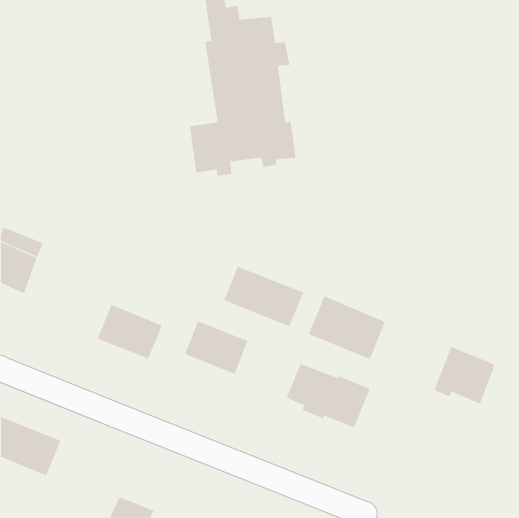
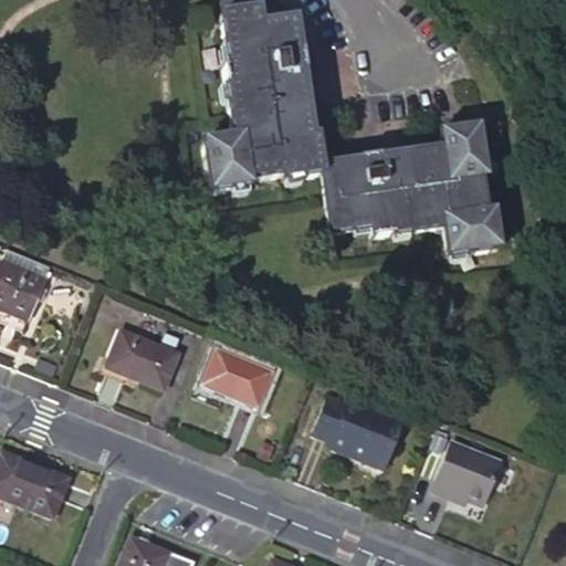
building: none -> [322,124,501,260]
building: [223,266,304,327] -> none
building: [308,295,385,360] -> none
building: [434,346,496,404] -> [432,442,500,505]

